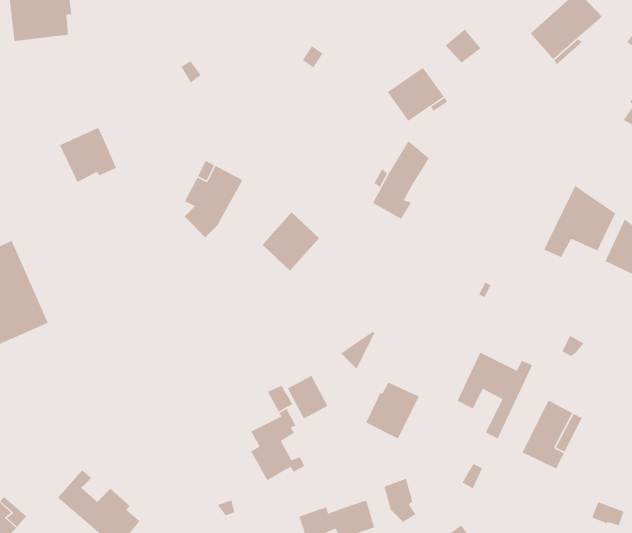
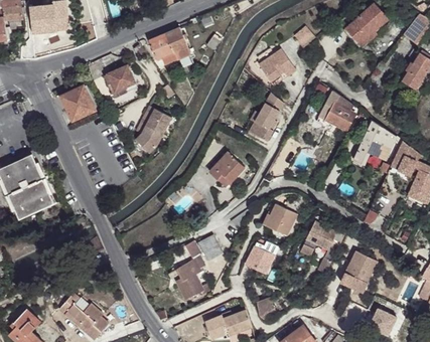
building: none -> [148,28,190,65]
building: none -> [104,65,136,99]
building: none -> [316,92,354,133]
building: [262,212,320,271] -> [208,152,244,188]
building: none -> [262,204,297,236]

